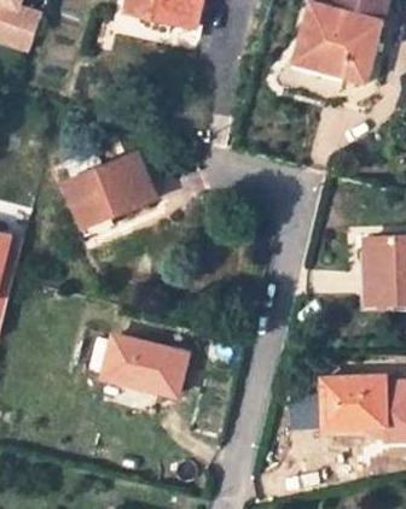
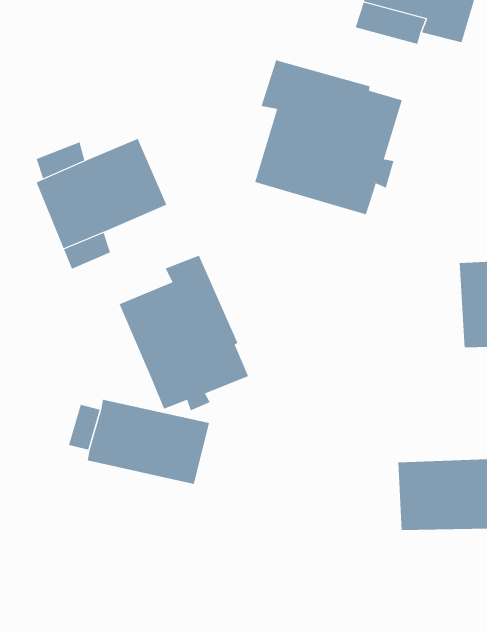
building: none -> [254,60,402,215]
building: none -> [119,255,249,411]

